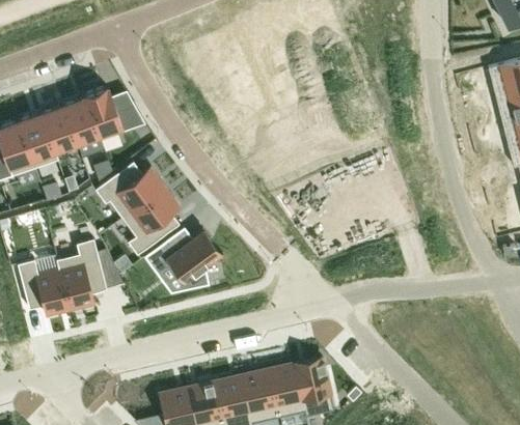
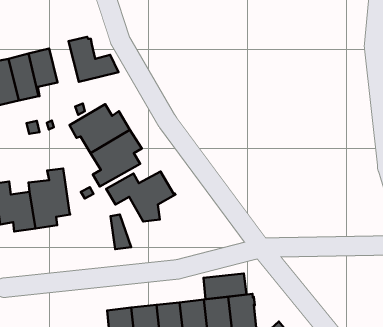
building: [63,94,101,142] -> none
building: [97,248,124,287] -> [110,215,131,249]
building: none -> [204,274,247,299]

